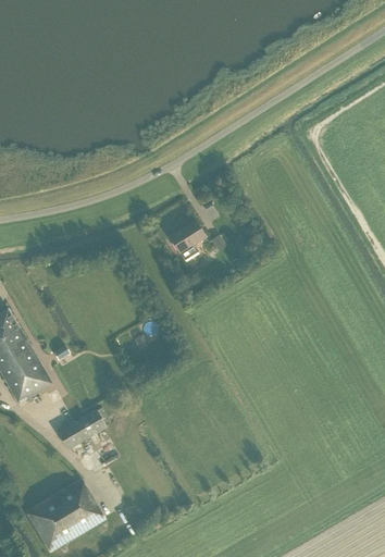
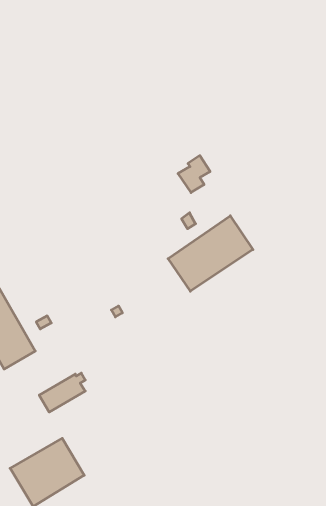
building: [171,220,206,260] -> [178,156,210,193]
building: none -> [168,216,253,291]

